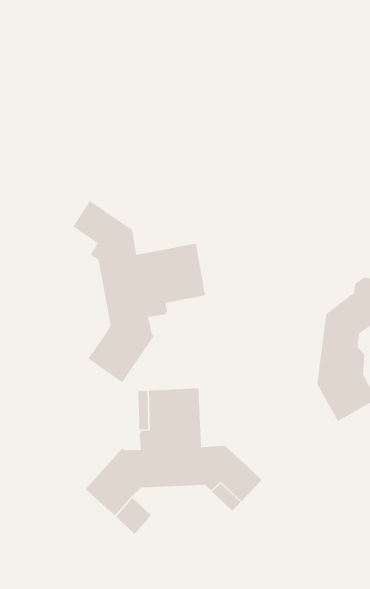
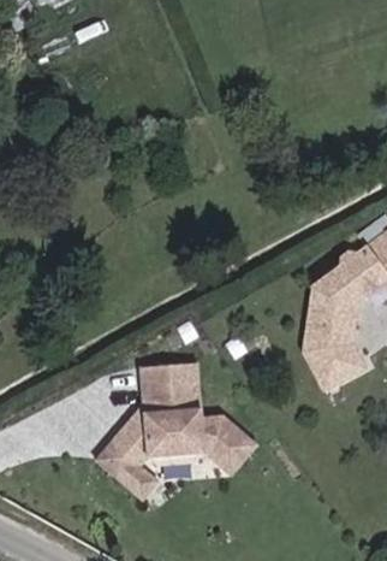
building: [72,200,206,383] -> none

